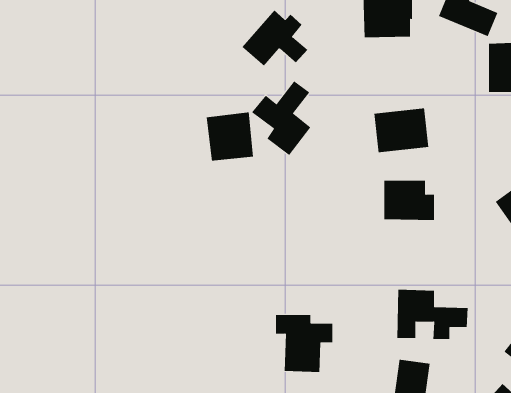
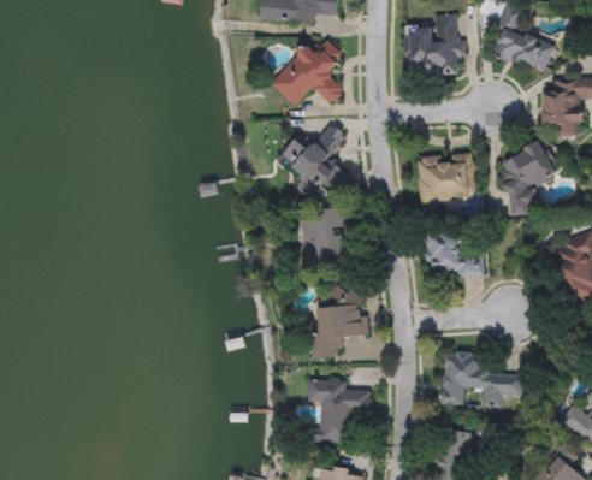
building: none -> [504,149,549,215]
building: [206,112,254,161] -> [303,207,356,261]
building: none -> [312,288,365,356]

